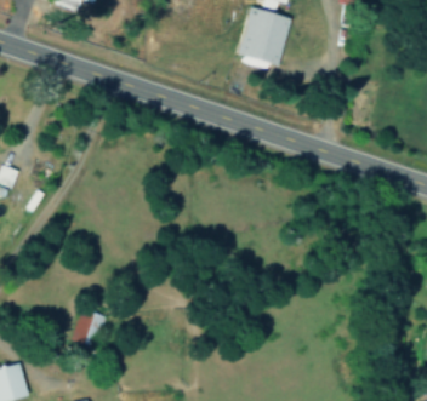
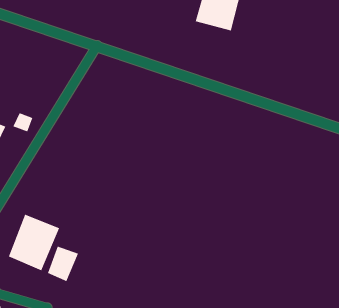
building: none -> [8,214,60,271]

